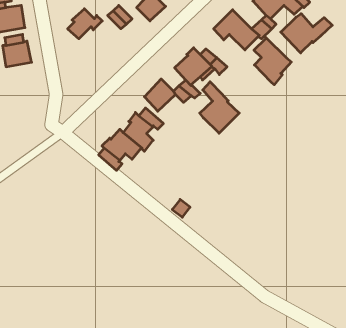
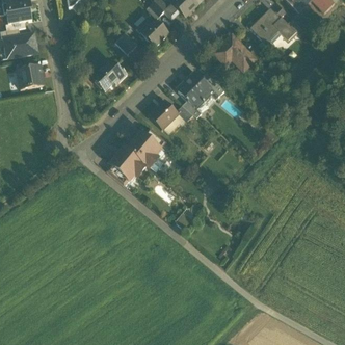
building: [68,9,102,39] -> [95,61,127,89]
building: [281,14,332,53] -> none
building: [254,37,291,85] -> none
building: [200,82,239,133] -> none

